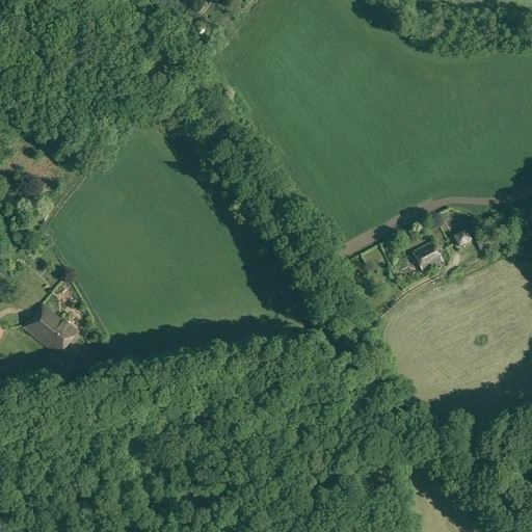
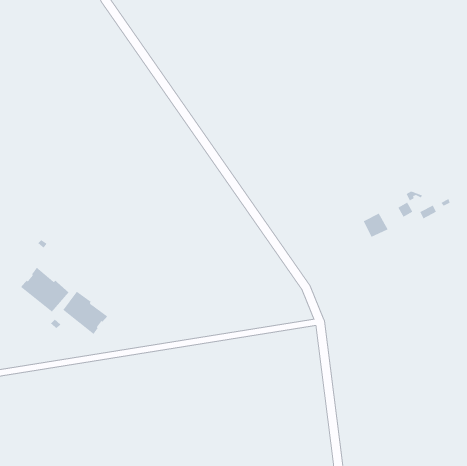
building: none -> [63,291,108,335]

